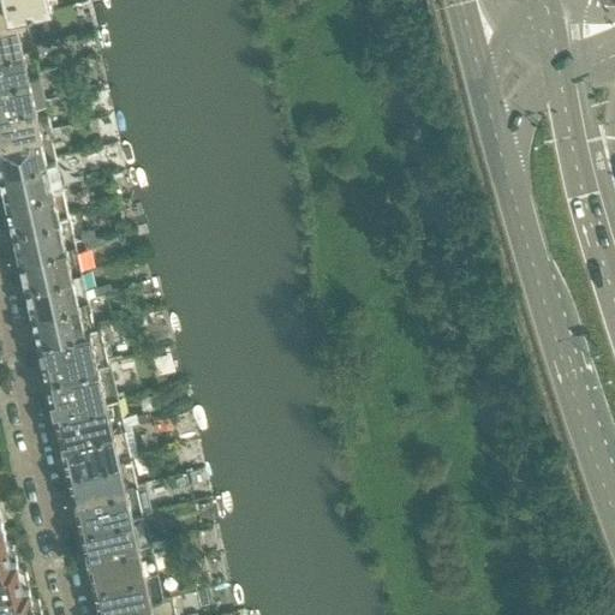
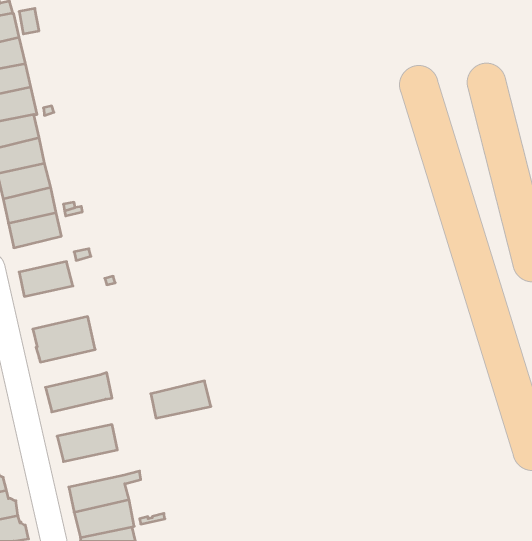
building: [16,268,76,309] -> none
building: [28,324,100,374] -> none
building: [46,396,114,440] -> none
building: [59,453,127,495] -> [151,381,211,418]
building: [72,510,139,553] -> none

